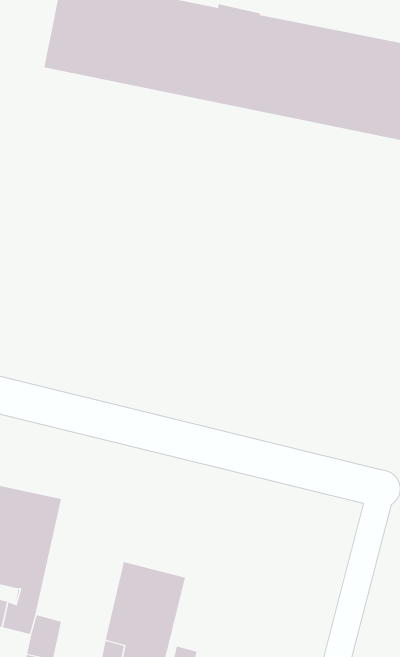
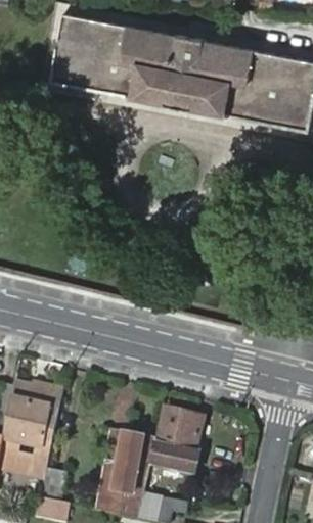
building: none -> [152,410,203,475]

